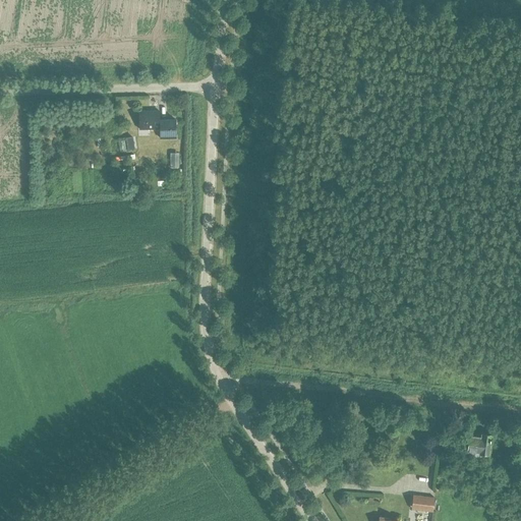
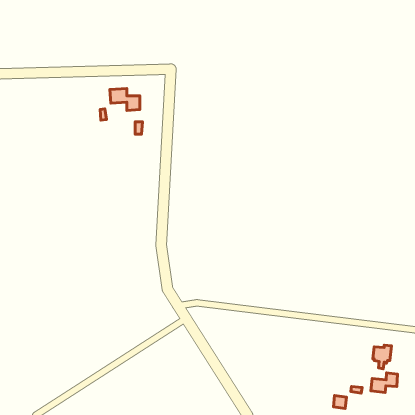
building: none -> [371,373,398,392]

